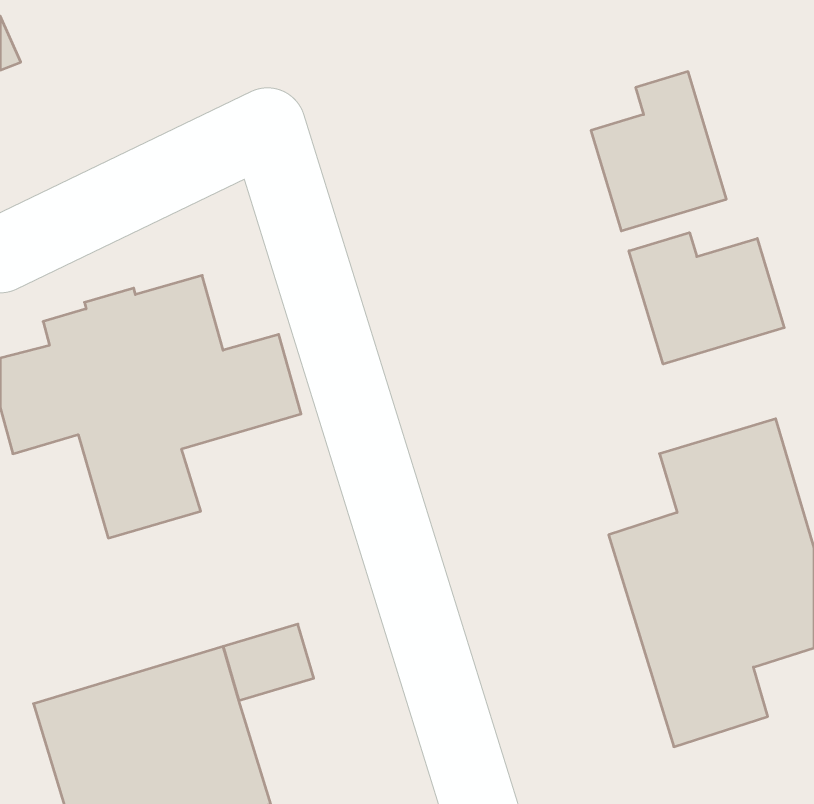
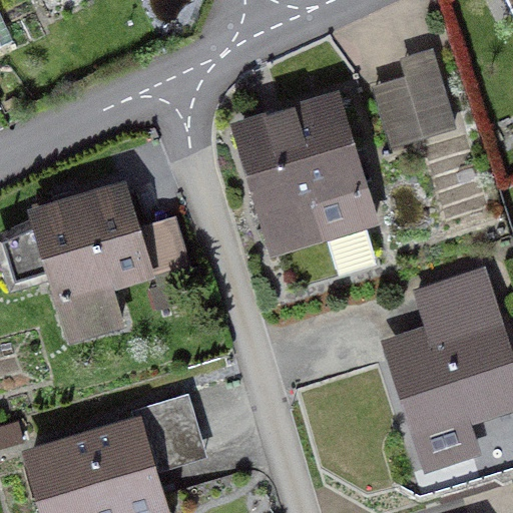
building: none -> [230,89,379,258]
building: [629,233,784,364] -> none

